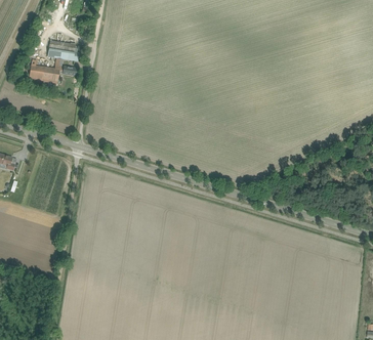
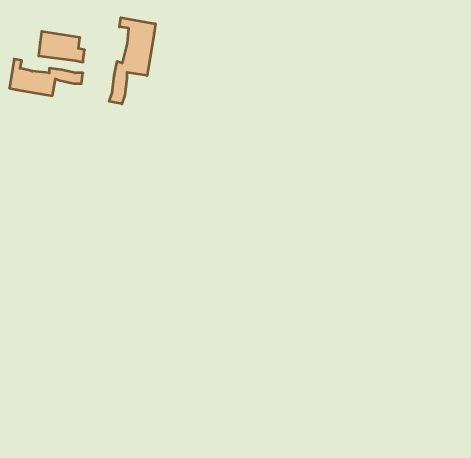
building: none -> [109,18,155,104]

